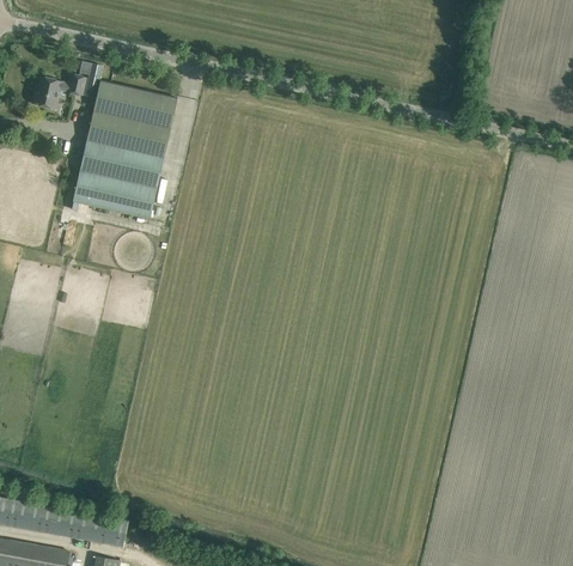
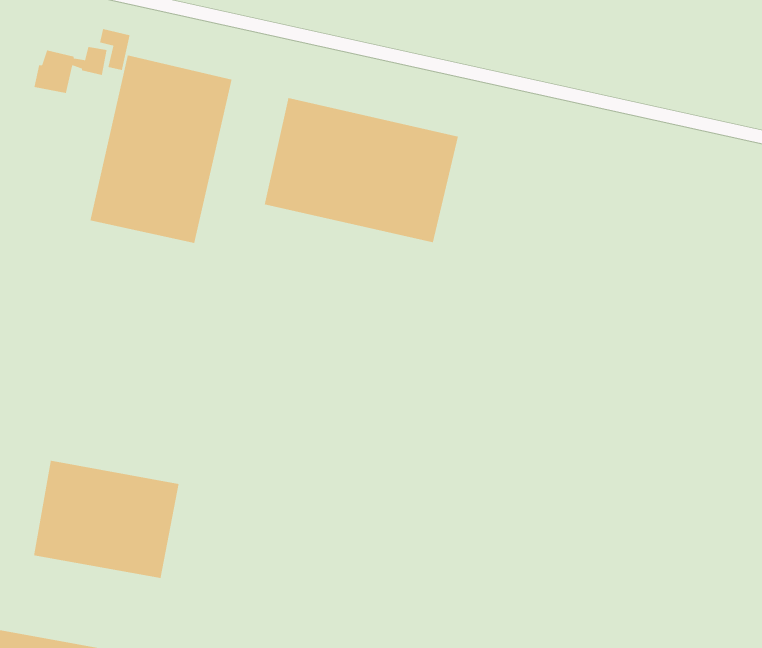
building: none -> [264,97,459,243]
building: none -> [33,460,179,579]

